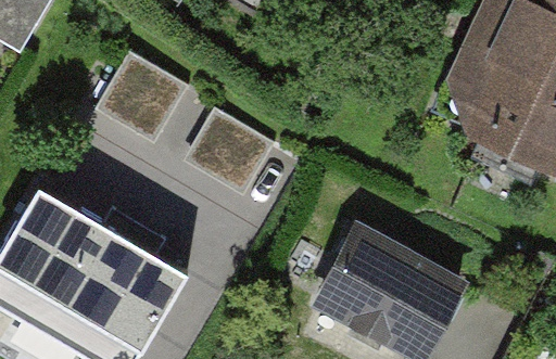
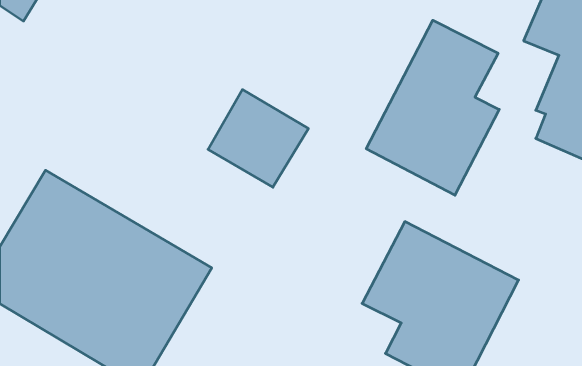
building: none -> [366,20,499,195]
building: [98,53,191,146] -> none

